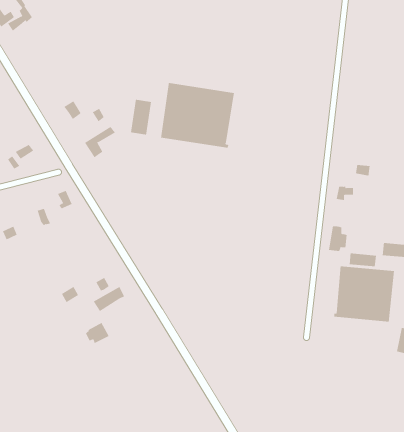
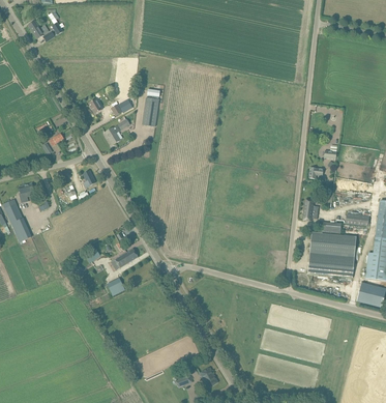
building: [160,82,235,149] -> none

